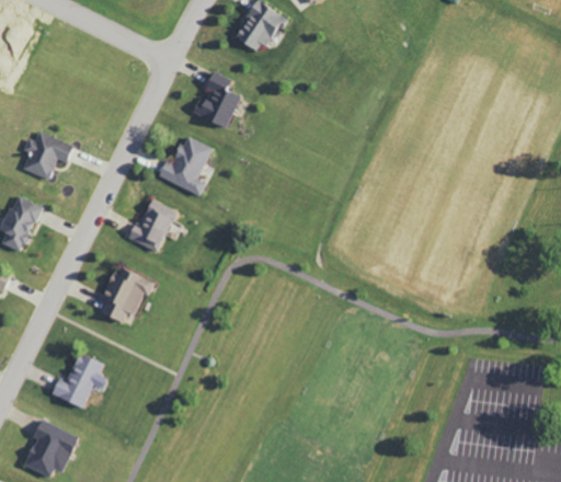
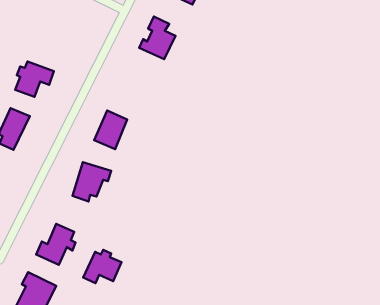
building: [163,135,211,195] -> none
building: none -> [83,250,122,283]

